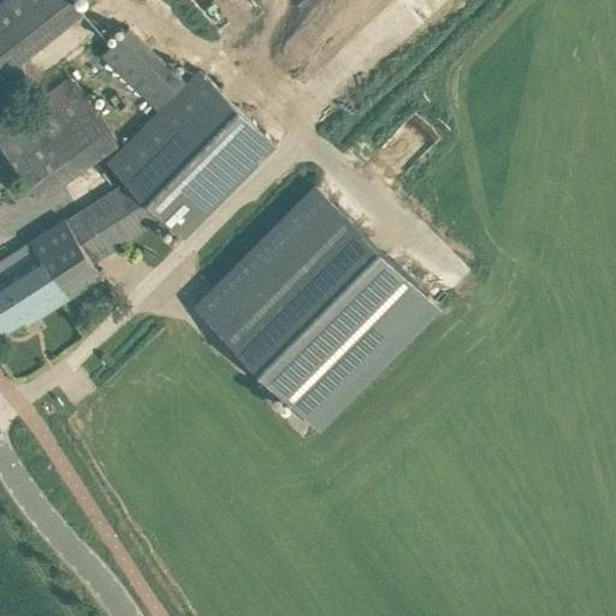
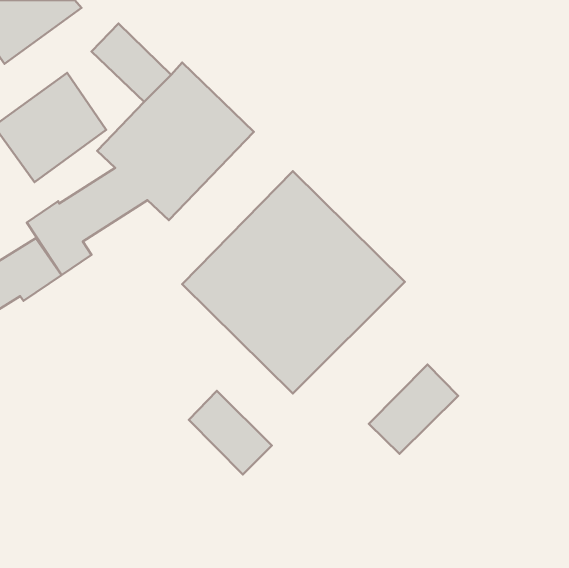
building: none -> [369,365,458,454]
building: none -> [189,391,272,474]

